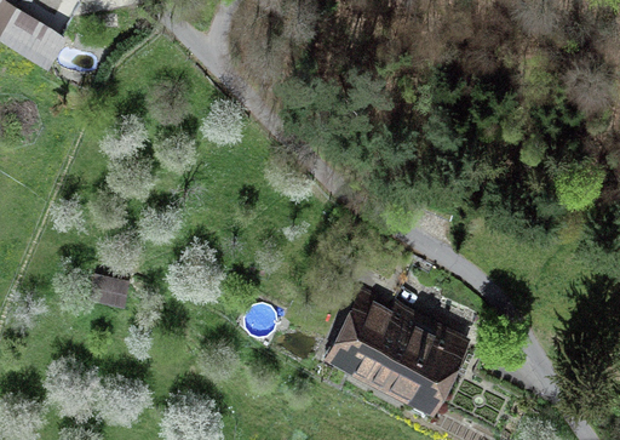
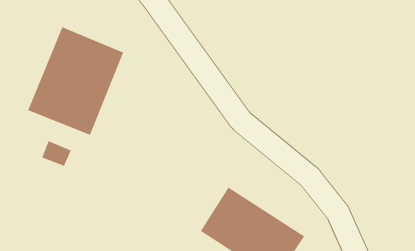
building: none -> [27,26,124,136]

